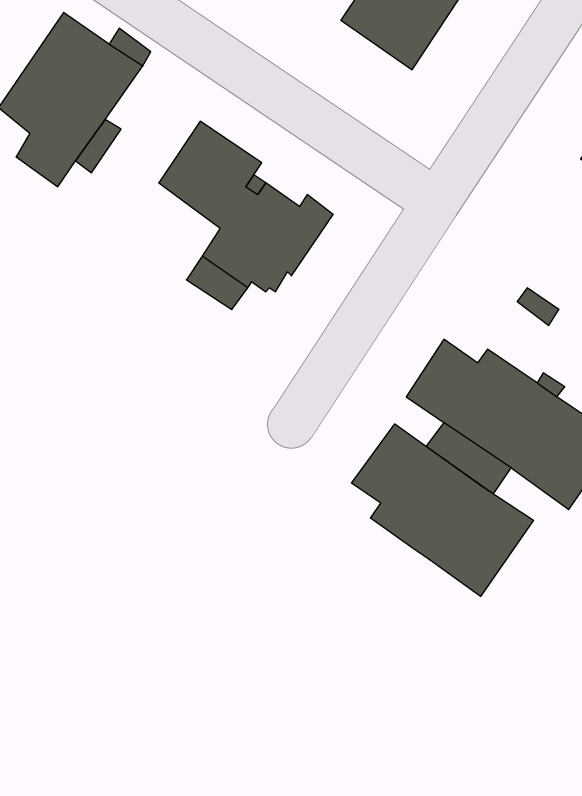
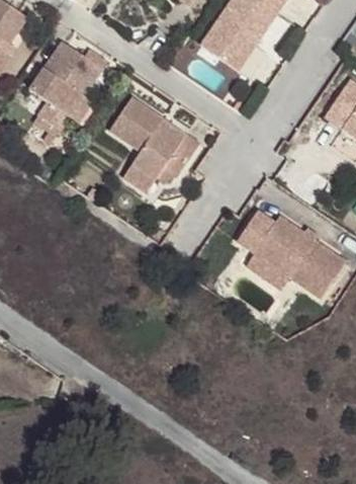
building: [352,424,533,596] -> none

